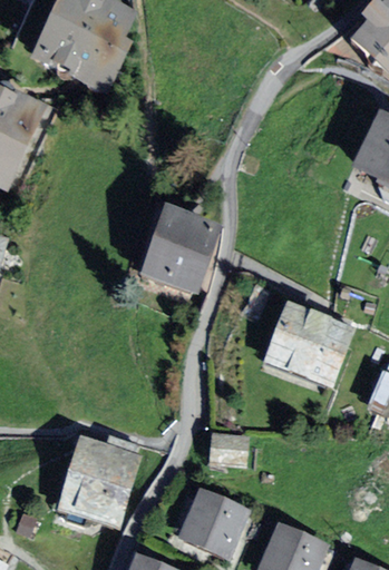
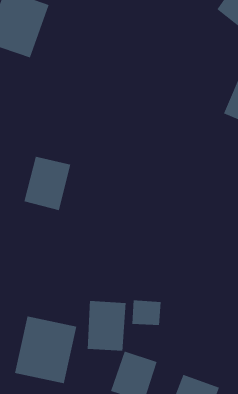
building: [150,216,217,291] -> [24,156,71,211]
building: [275,305,344,374] -> none
building: none -> [87,300,126,351]

